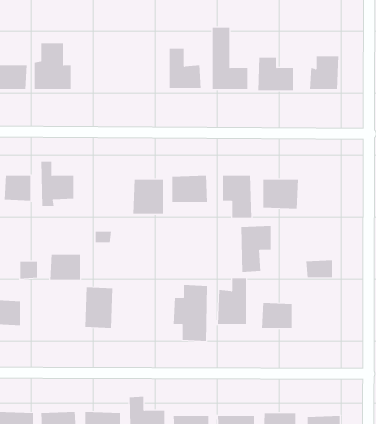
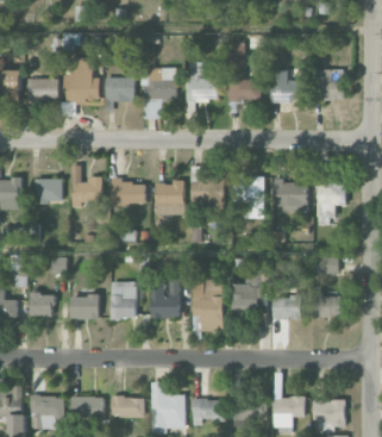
building: none -> [140,68,176,119]
building: none -> [105,77,134,111]
building: none -> [111,181,145,205]
building: [240,226,272,272] -> [317,182,345,225]
building: [50,254,81,280] -> [70,295,99,319]
building: none -> [151,279,180,318]
building: none -> [312,292,342,317]

